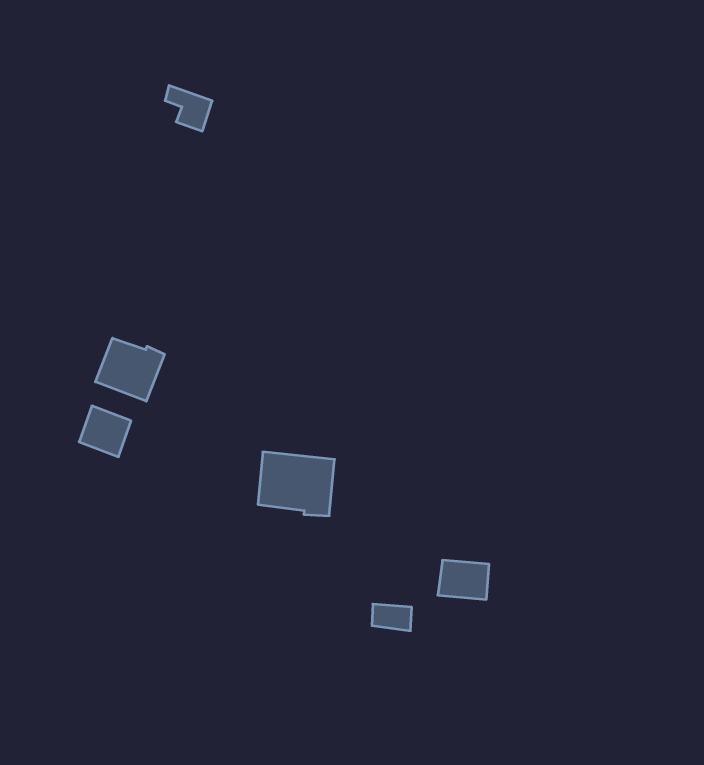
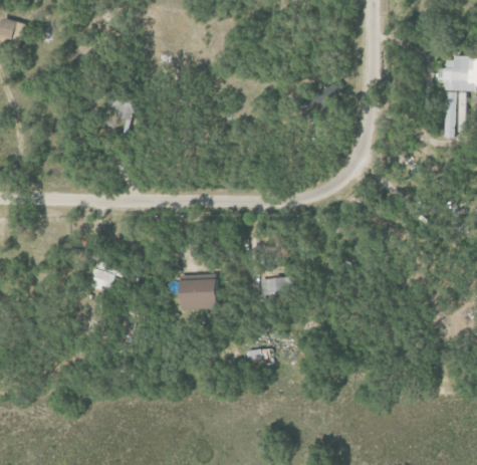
building: [95,338,164,401] -> none
building: [438,560,489,599] -> [259,277,284,296]

